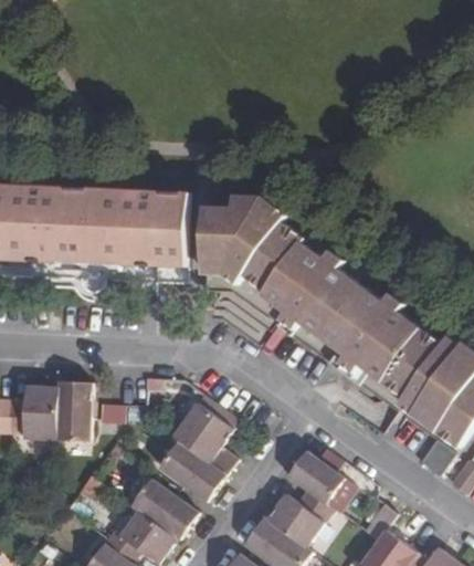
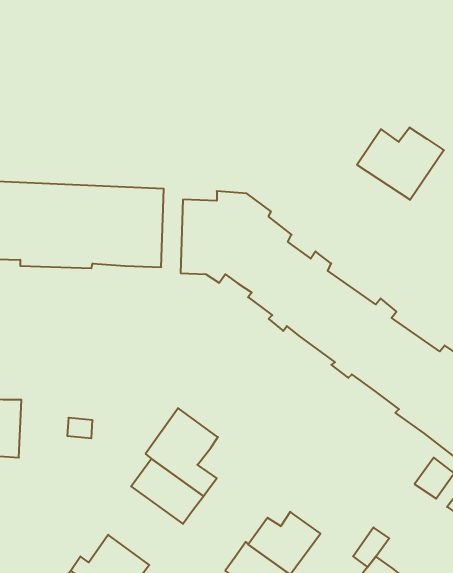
building: none -> [357,127,444,200]
building: [55,381,91,441] -> none
building: [286,451,355,513] -> none
building: [130,479,197,541] -> none

